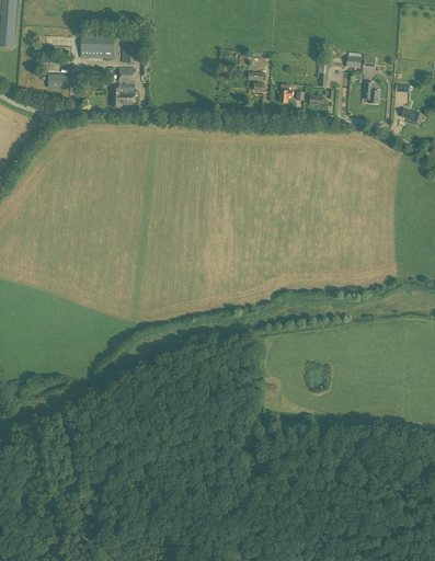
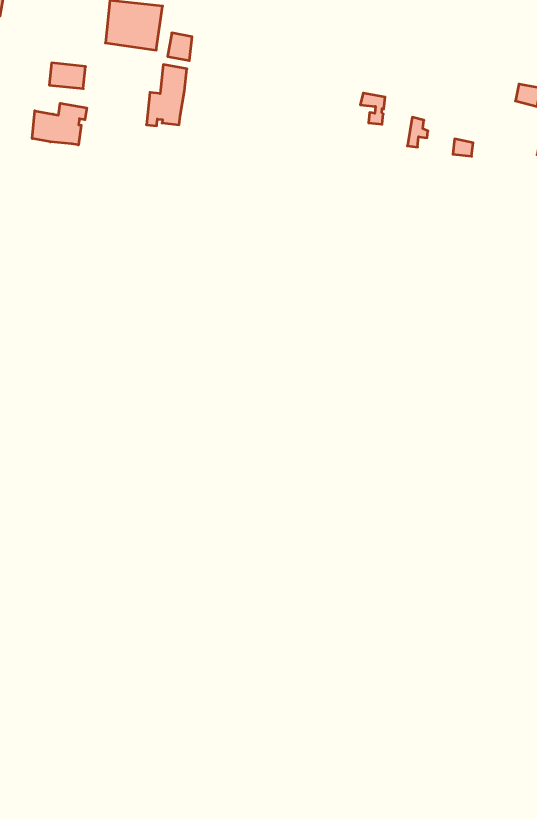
building: none -> [32,103,87,145]

